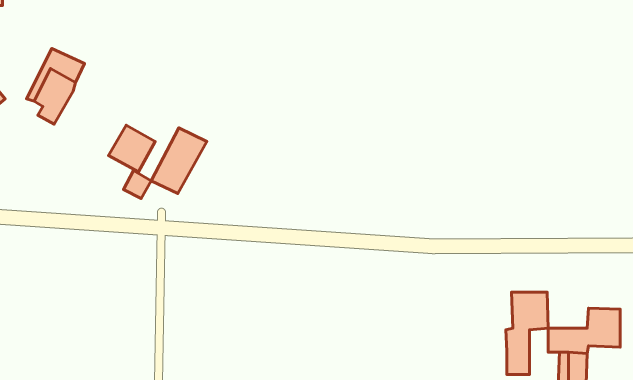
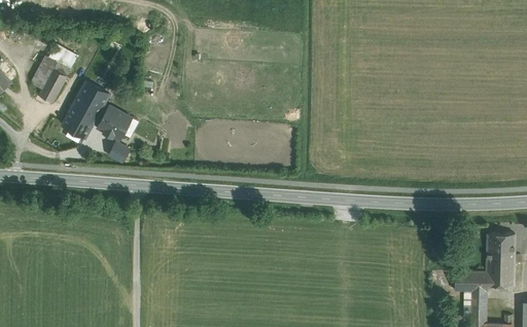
building: [151,128,207,193] -> [64,82,109,136]
building: none -> [488,232,515,254]
building: [506,292,548,374] -> none

